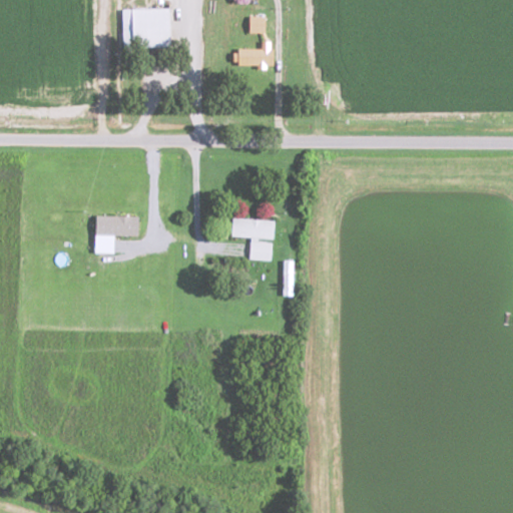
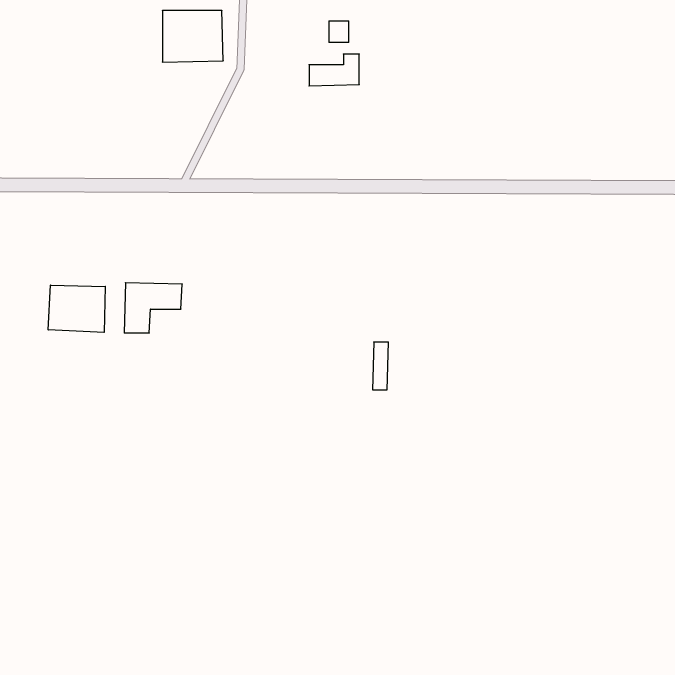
building: none -> [48,285,105,332]
building: [230,217,276,260] -> none

